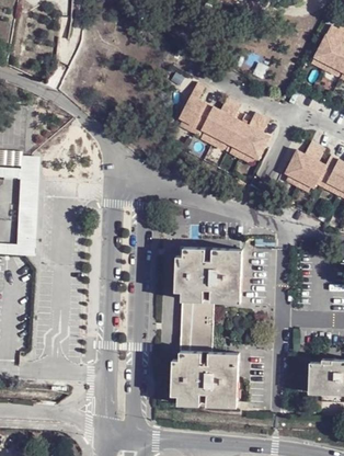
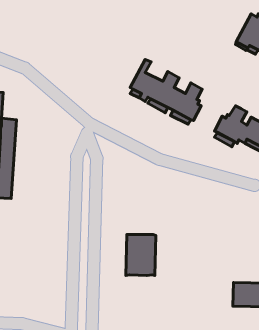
building: [174,248,241,301] -> none
building: [172,351,239,406] -> none

